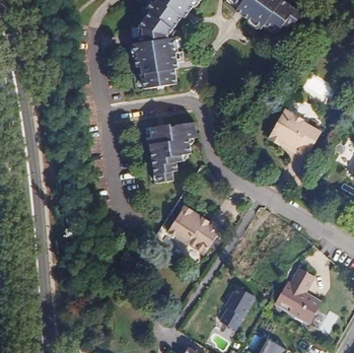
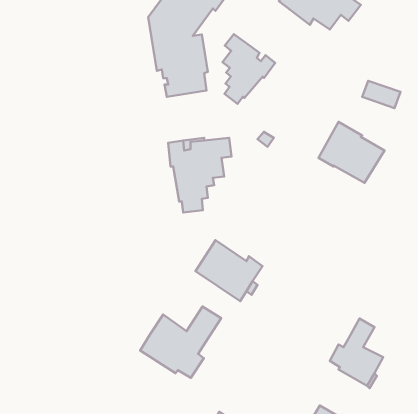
building: none -> [222,34,275,104]
building: none -> [140,306,221,378]
building: [216,286,256,332] -> none

